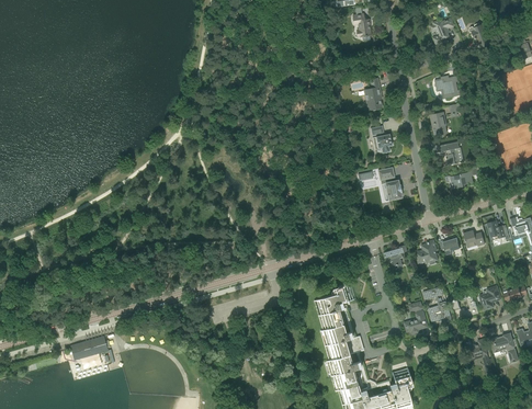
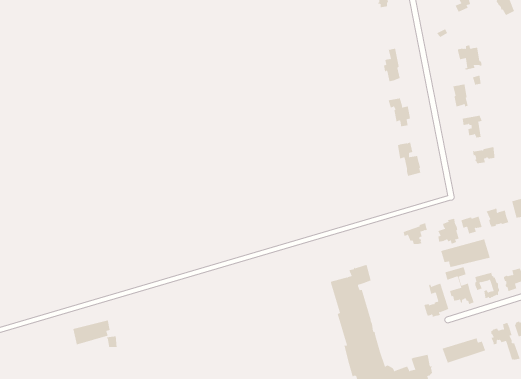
building: none -> [440,239,490,268]
building: none -> [442,337,486,364]

